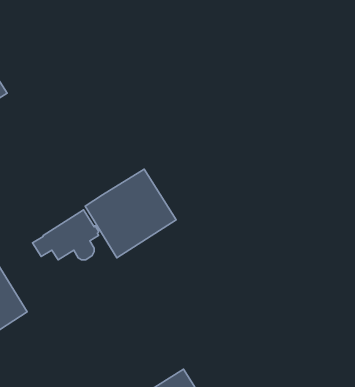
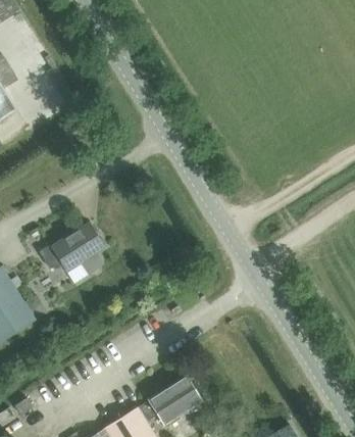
building: [85,169,176,258] -> none

